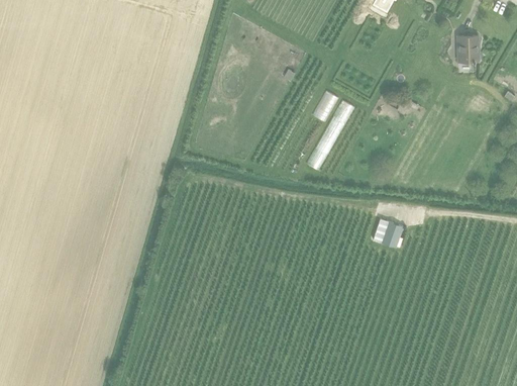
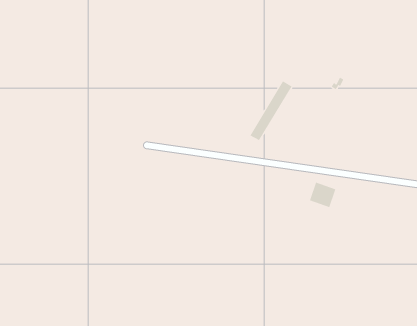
building: [457,34,479,61] -> none

